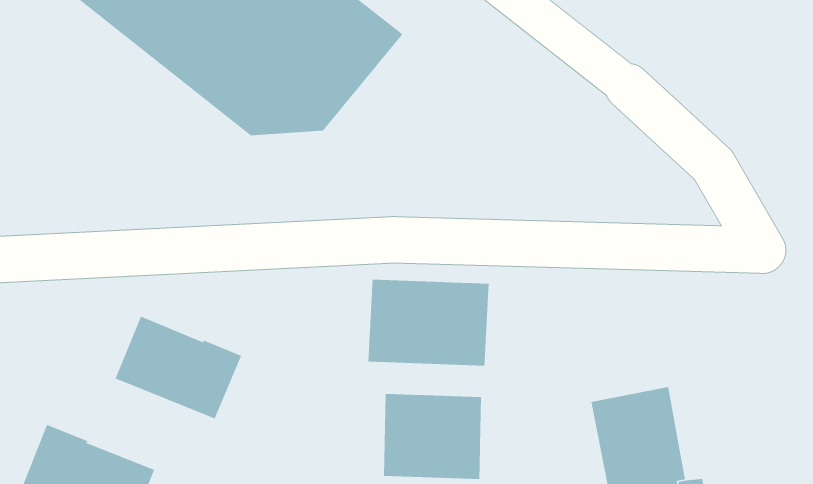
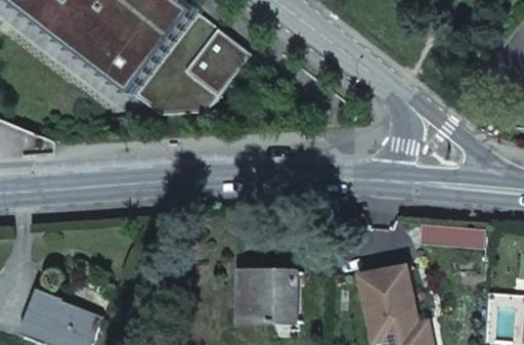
building: [368,279,490,366] -> none
building: [115,316,242,420] -> none

